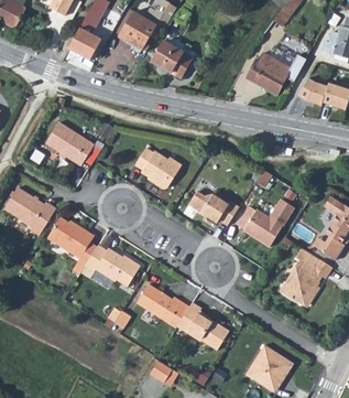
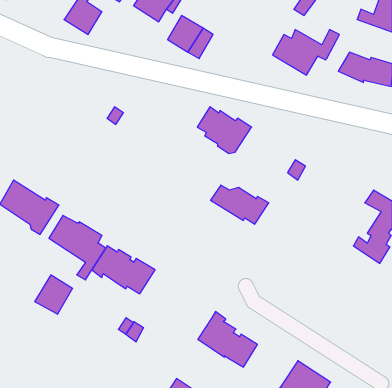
building: [46,121,102,165] -> none
building: [135,147,183,187] -> [197,107,252,154]
building: [238,198,295,246] -> none
building: [281,247,332,304] -> none
building: none -> [35,275,73,314]
building: [138,283,190,327] -> none

